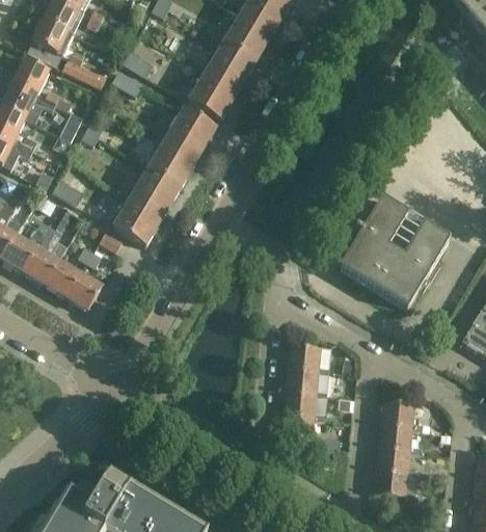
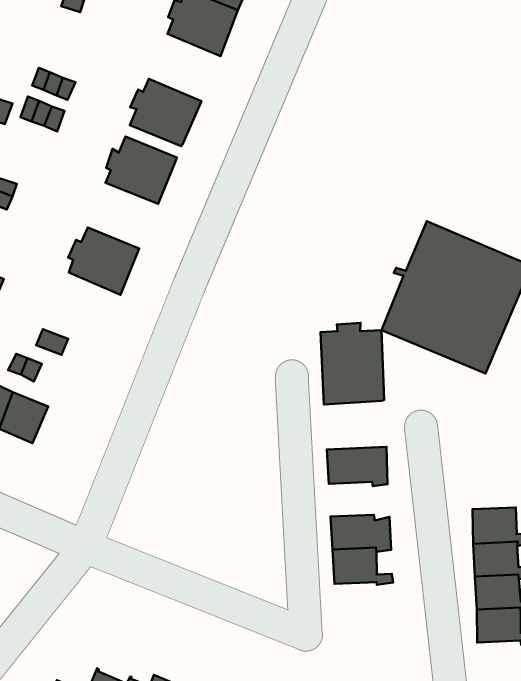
building: [205,41,257,90] -> none
building: [147,137,198,186] -> none
building: [112,195,163,245] -> none
building: none -> [321,323,384,404]
building: [286,368,328,398] -> none

